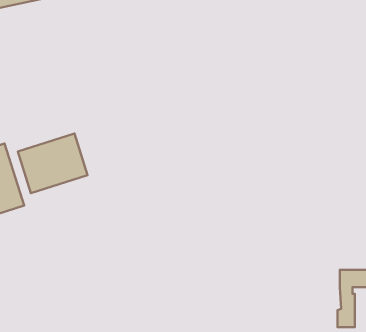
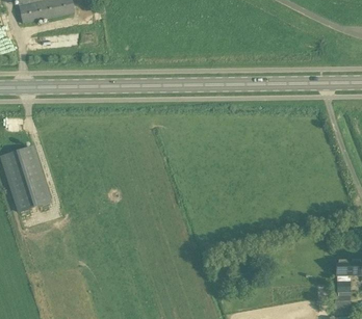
building: [18,134,87,193] -> none

